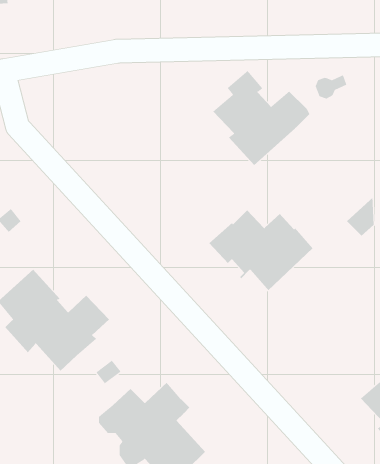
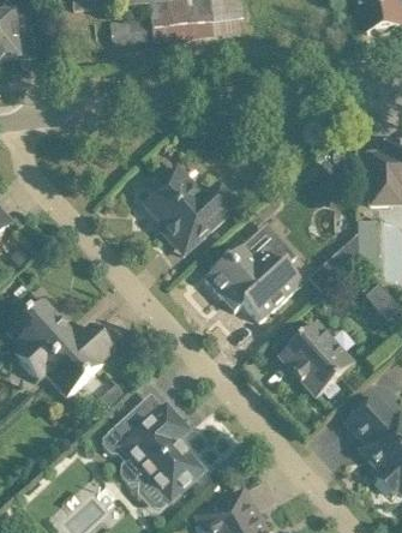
building: [213,70,310,166] -> [145,164,235,253]
building: none -> [278,321,354,396]

